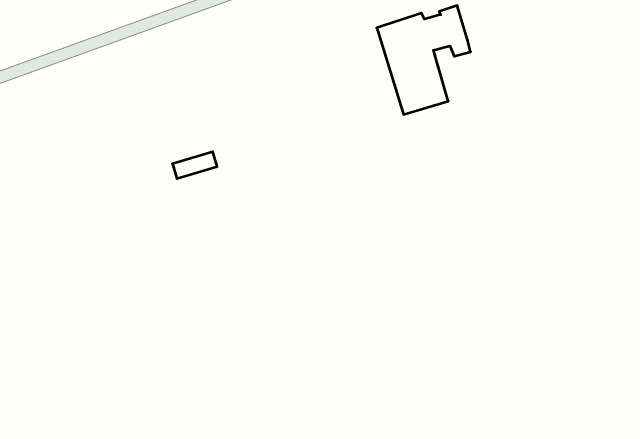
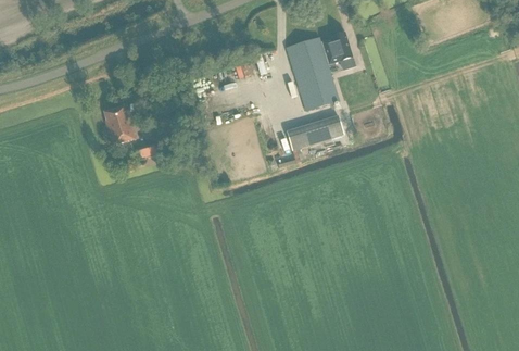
building: none -> [103,104,135,145]
building: none -> [286,114,343,150]

